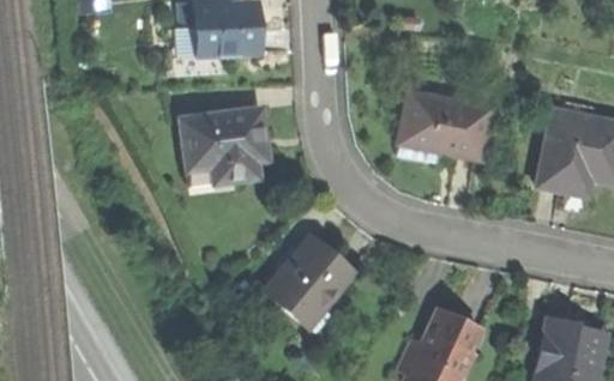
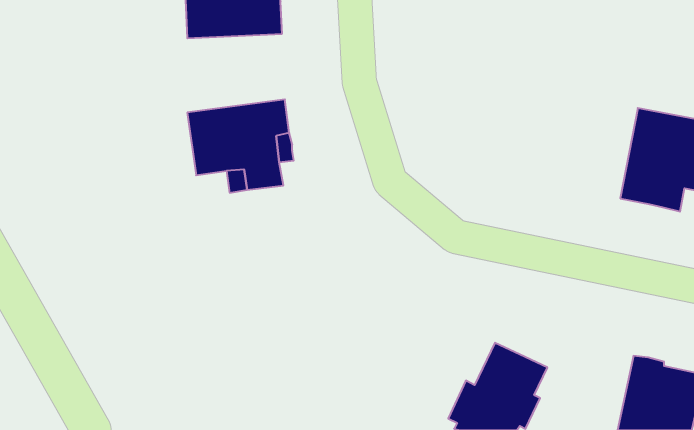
building: [398,91,493,161] -> none
building: [266,236,355,326] -> none

